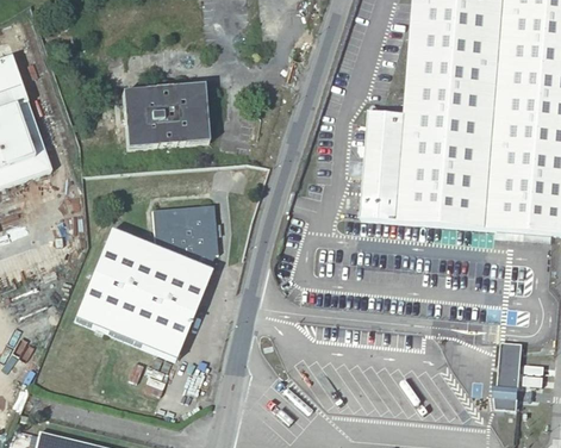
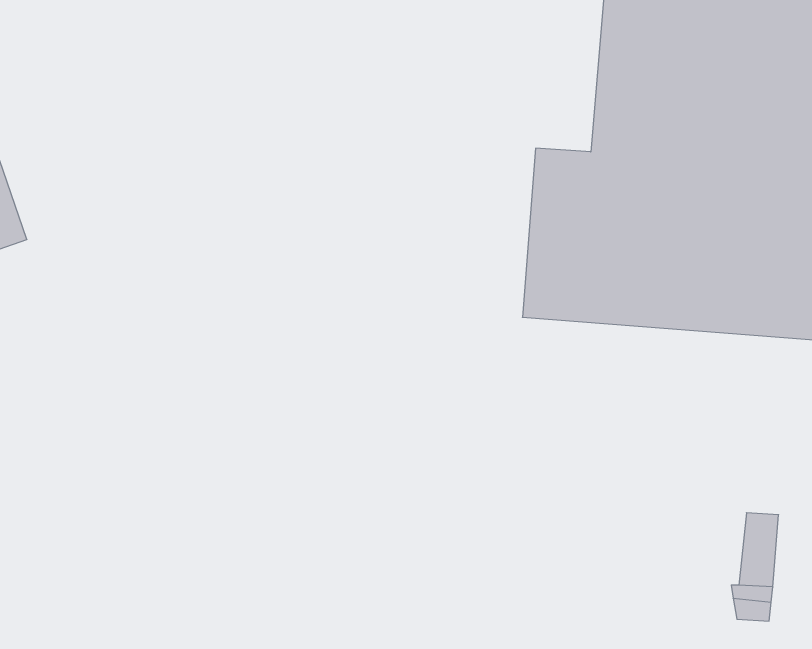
building: [120,82,206,147] -> none
building: [74,205,218,360] -> none

